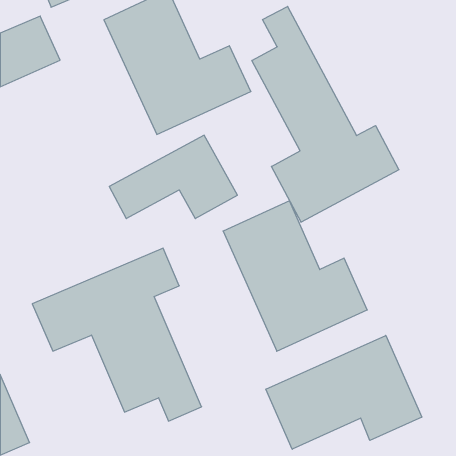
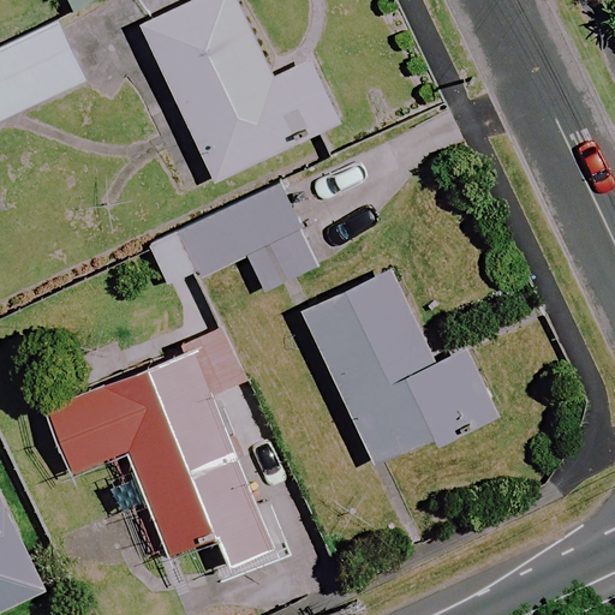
building: [252,6,399,222] -> none
building: [266,335,422,449] -> none

